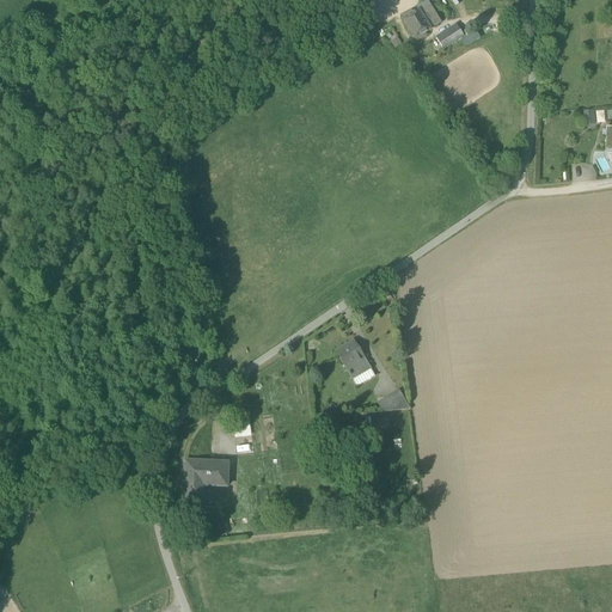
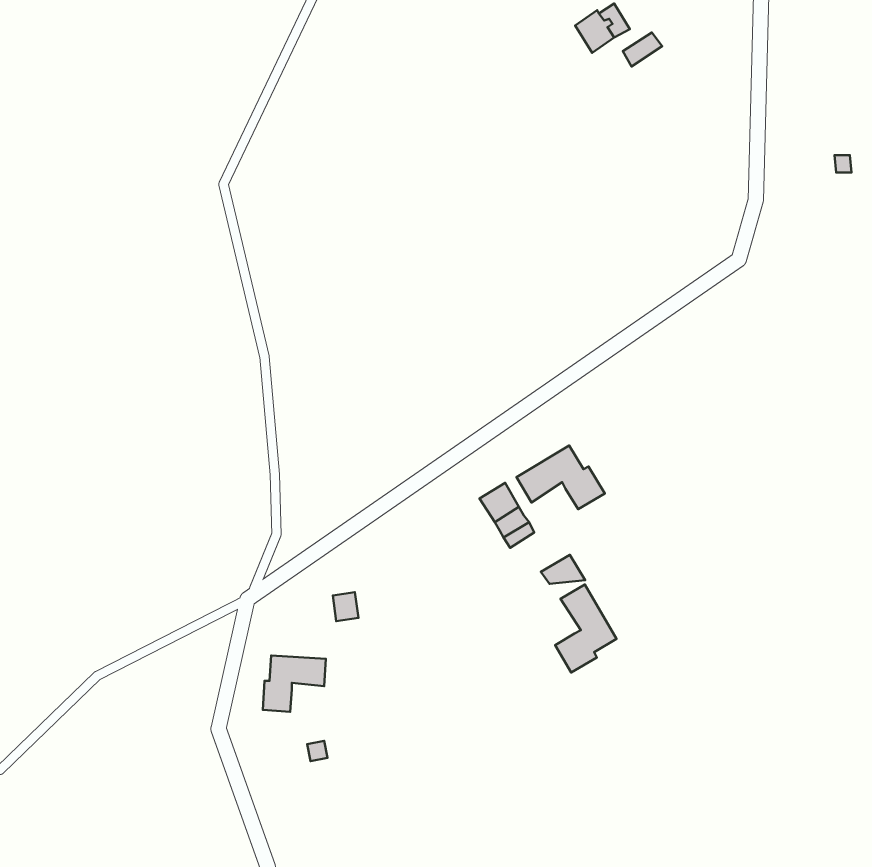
building: none -> [516,445,605,509]
building: none -> [555,585,617,672]

